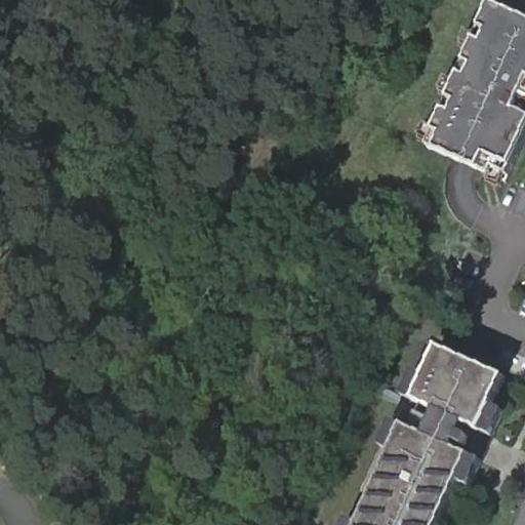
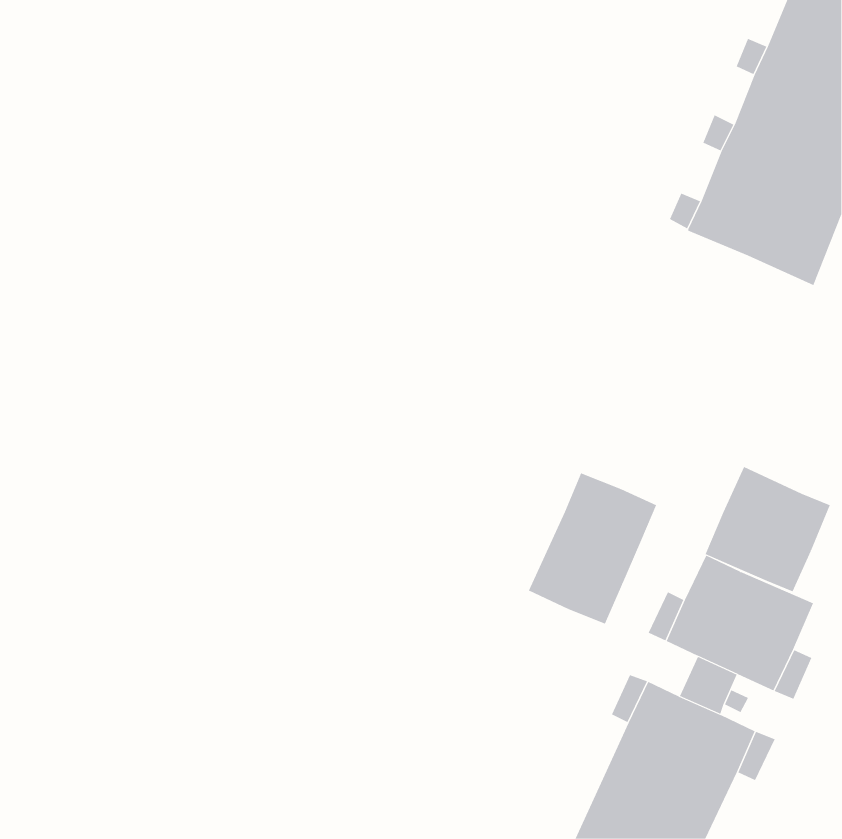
building: none -> [705,466,831,592]
building: none -> [528,472,657,624]

